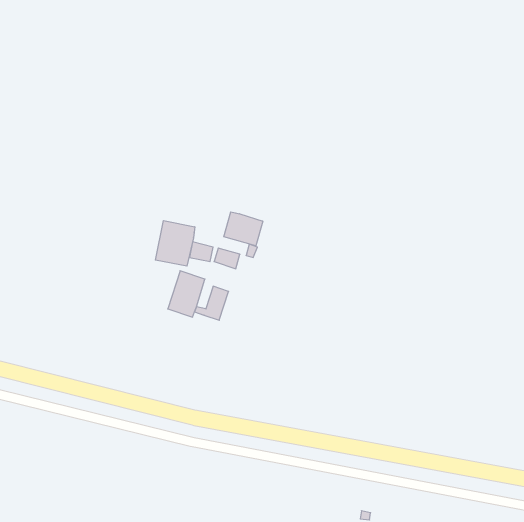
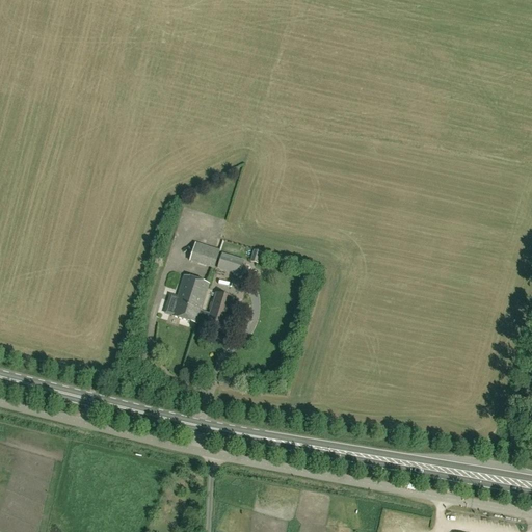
building: [224,212,263,246] -> none
building: [155,221,195,266] -> none

